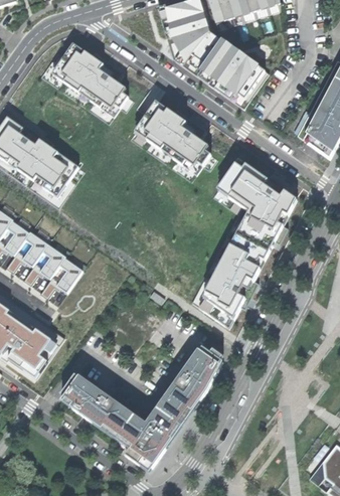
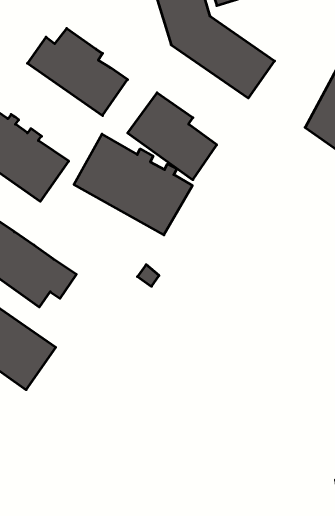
building: none -> [74,134,192,235]
building: [201,161,301,327] -> none
building: [60,345,223,471] -> none

